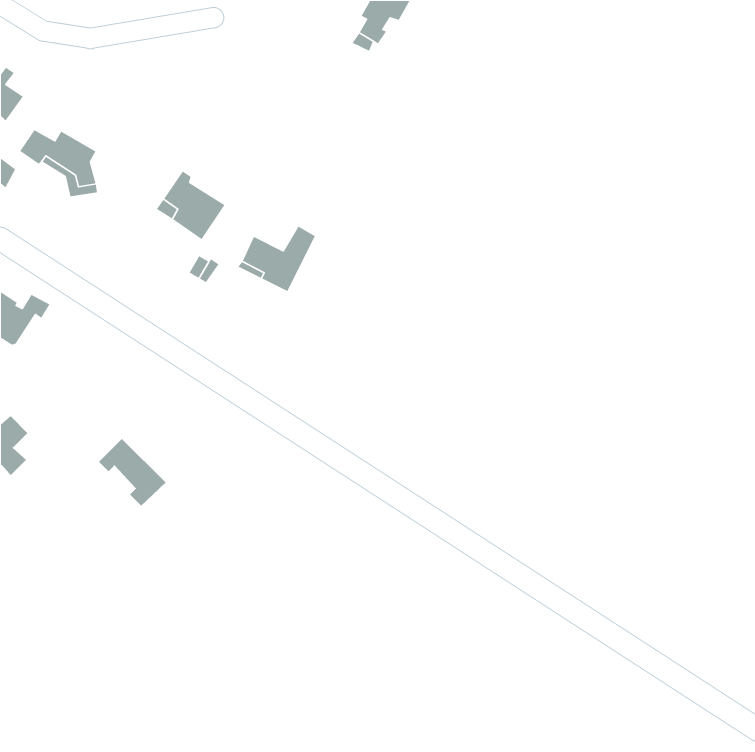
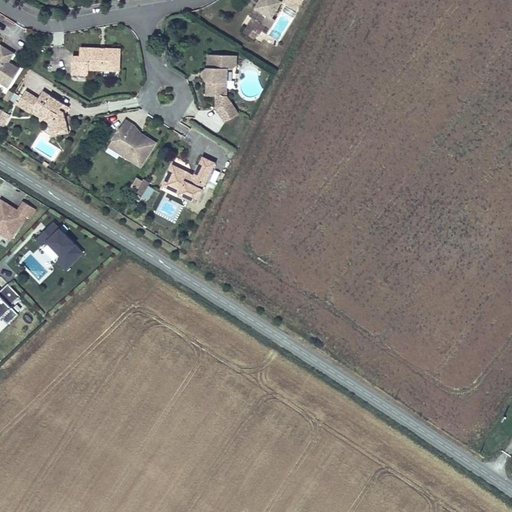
building: none -> [68,48,119,75]
building: none -> [203,55,236,122]
building: [98,438,166,506] -> [37,222,83,268]

